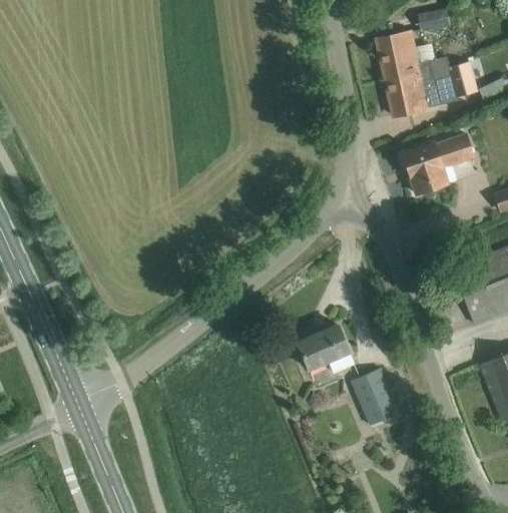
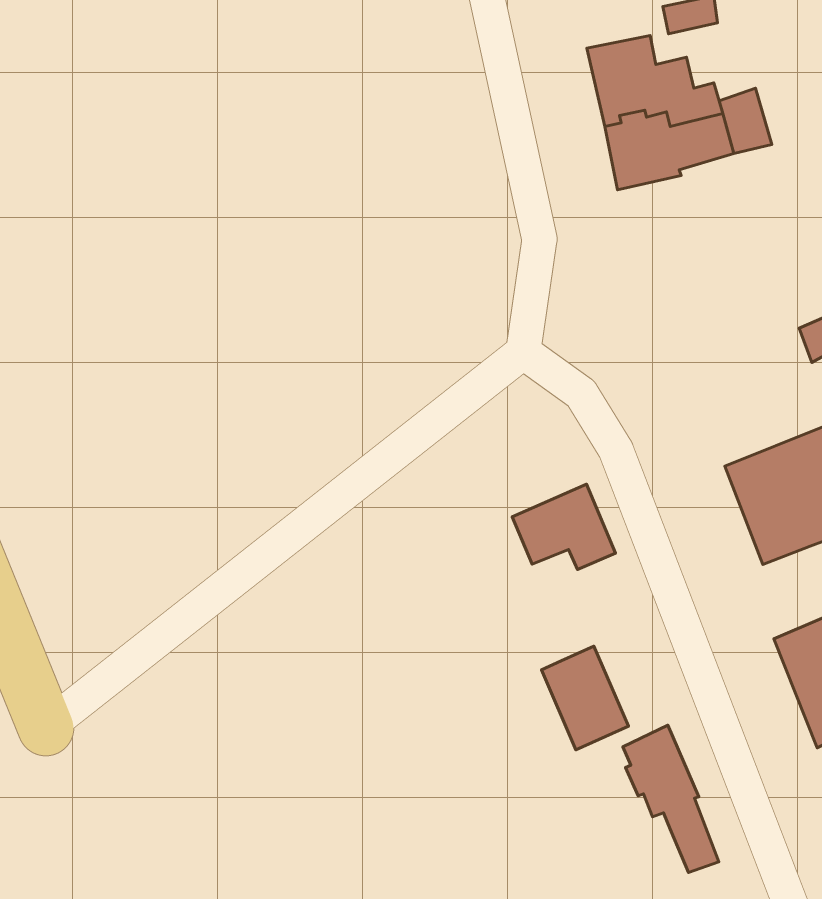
building: [402,134,473,194] -> none
building: [297,326,354,373] -> [512,484,616,570]
building: none -> [623,725,719,873]

